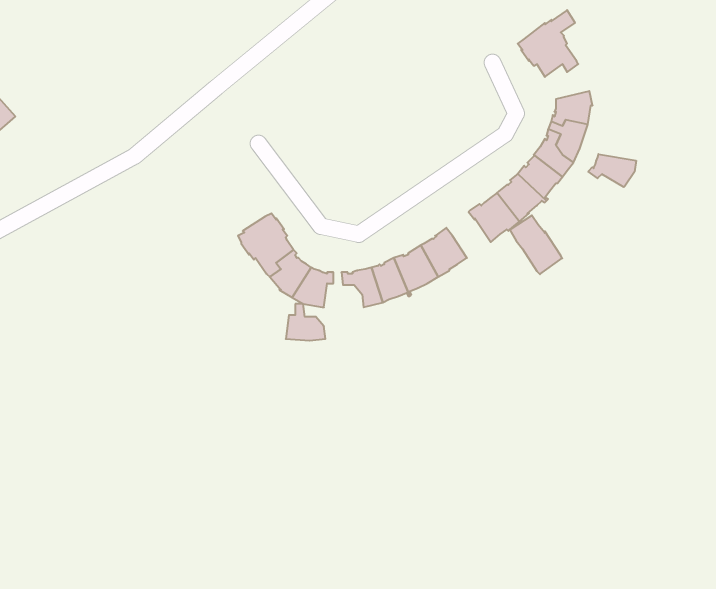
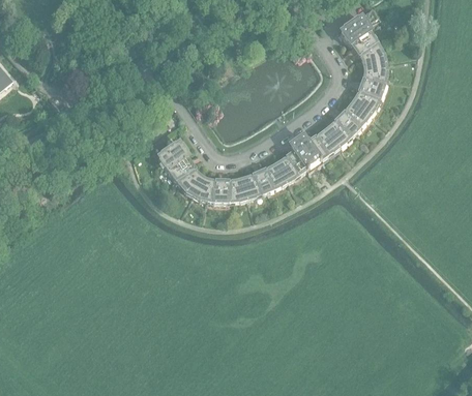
building: none -> [356,44,385,67]
building: [588,154,636,187] -> none
building: [510,215,562,274] -> [288,134,322,173]
building: [286,304,325,341] -> [212,180,238,204]

